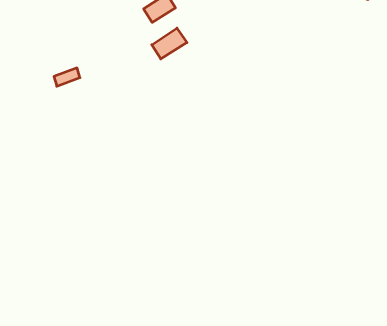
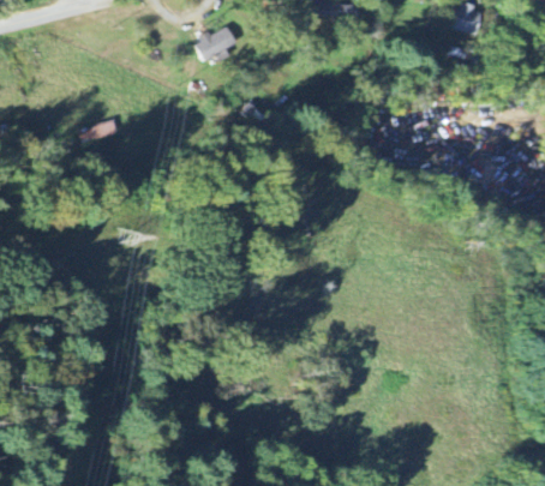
building: [152,28,187,59] -> none

